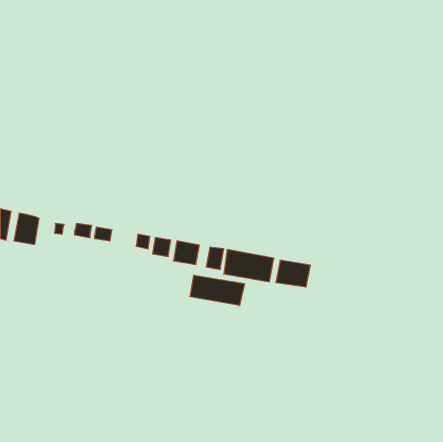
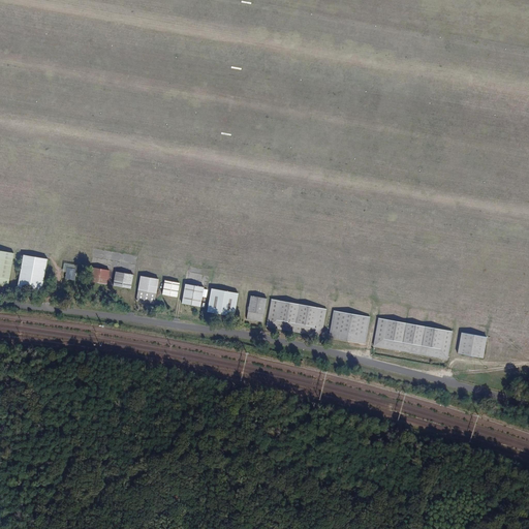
building: none -> [136,275,158,303]
building: none -> [373,317,453,357]
building: [190,275,244,306] -> none
building: none -> [457,331,488,359]

